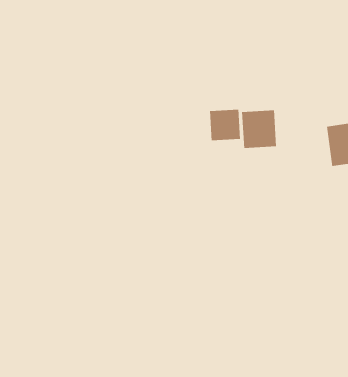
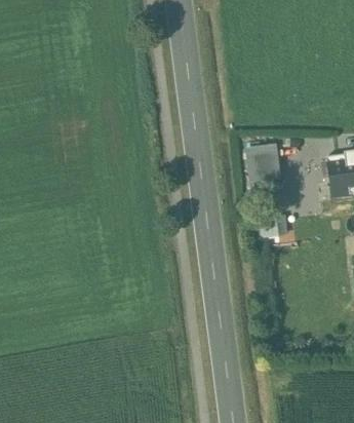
building: [209,109,240,141] -> none

